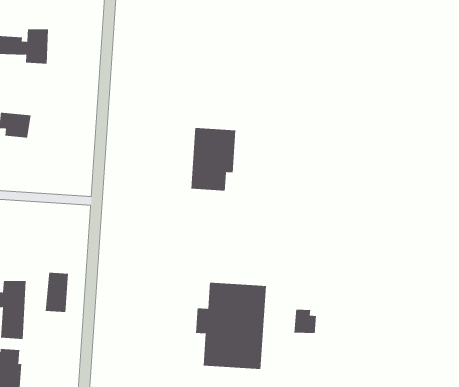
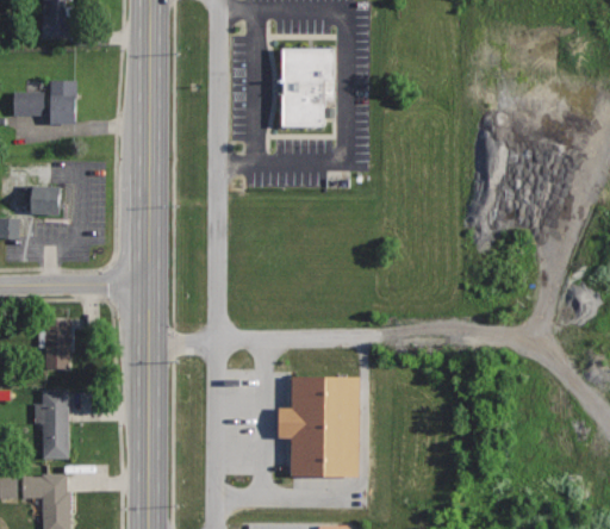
building: [190,127,236,191] -> [281,49,332,124]
building: [45,272,69,312] -> [43,319,69,367]
building: [294,309,317,334] -> none

